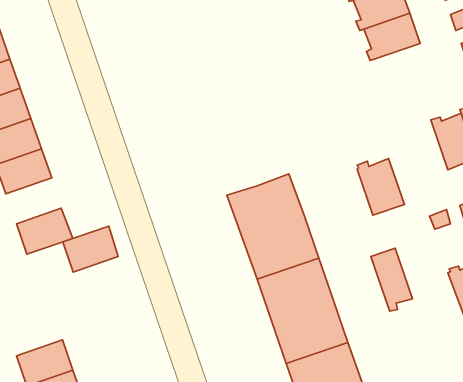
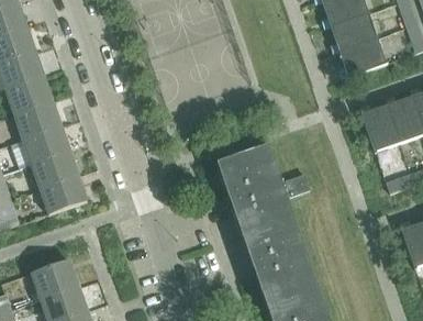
building: none -> [339,37,387,77]
building: [357,159,404,215] -> [361,104,401,152]
building: [63,226,118,272] -> [32,150,78,188]
building: [371,248,413,311] -> none
building: none -> [32,259,79,298]

